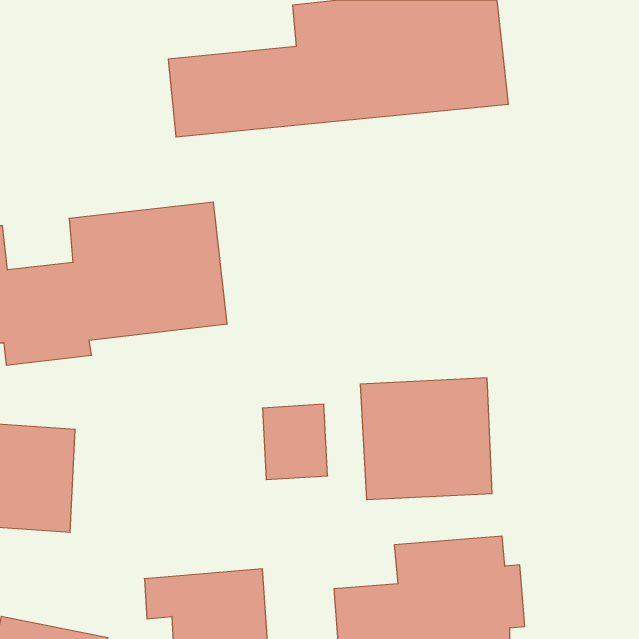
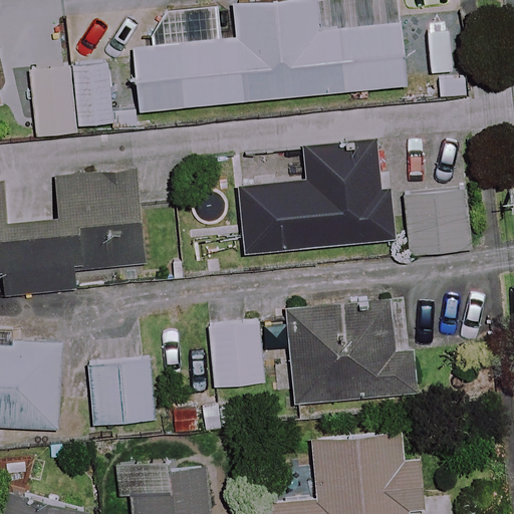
building: none -> [33,64,111,136]
building: none -> [239,143,467,254]
building: none -> [90,359,154,424]

